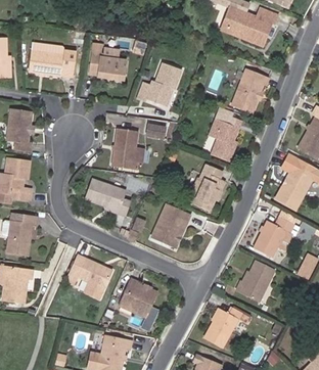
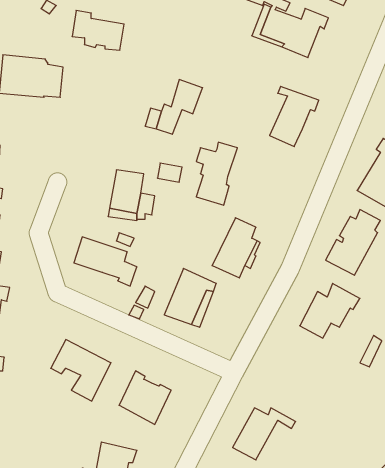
building: [91,53,130,83] -> [72,10,124,50]
building: [209,115,239,163] -> [196,142,237,205]
building: [236,261,275,302] -> none

